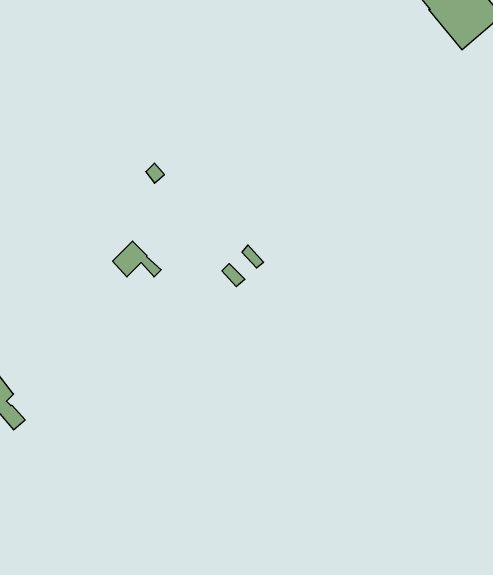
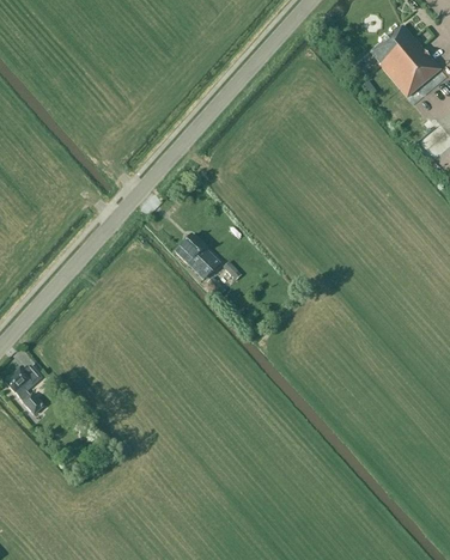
building: [113,241,161,277] -> [176,235,217,264]

